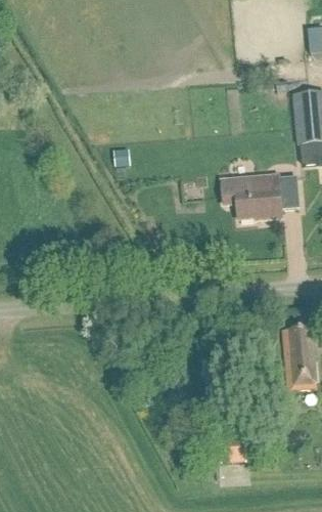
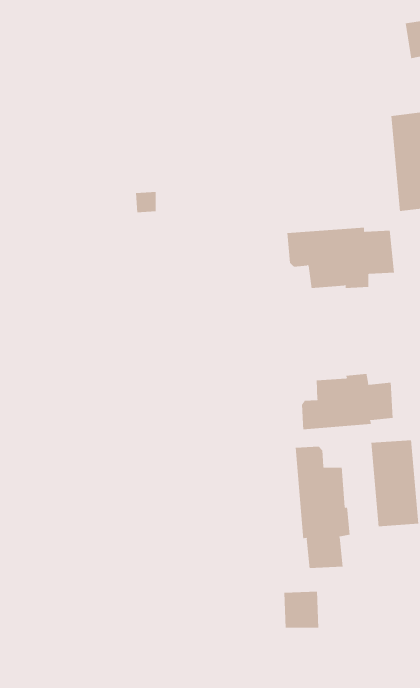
building: none -> [301,373,393,430]
building: none -> [295,446,350,569]

